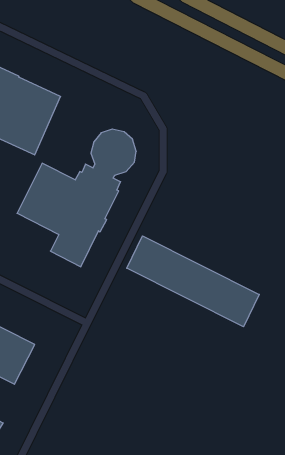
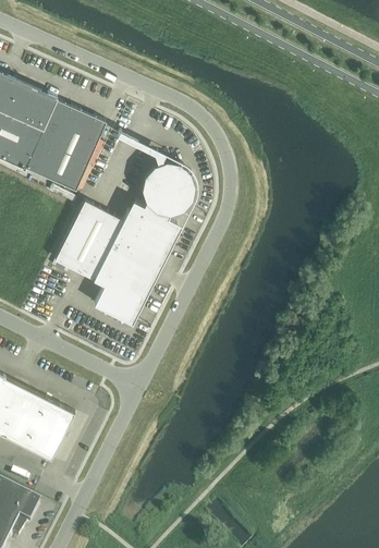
building: [127,236,259,327] -> none

